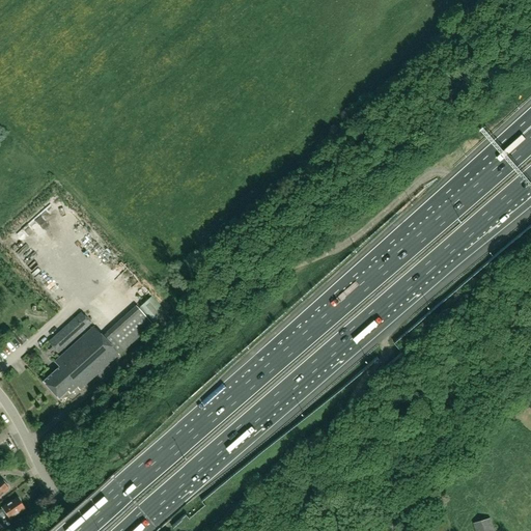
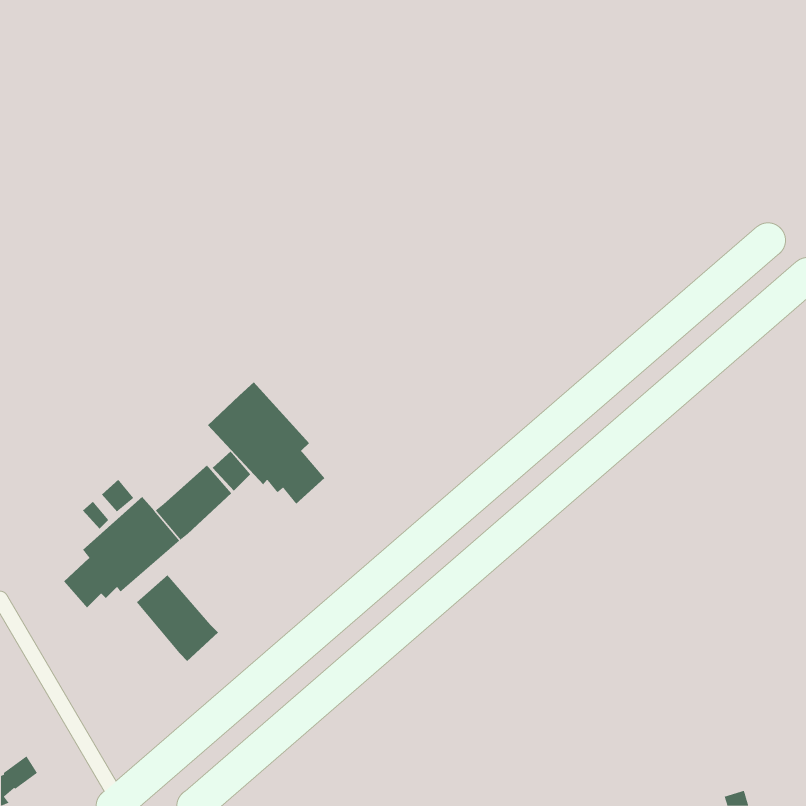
building: none -> [207,381,325,505]
building: none -> [136,575,219,662]

